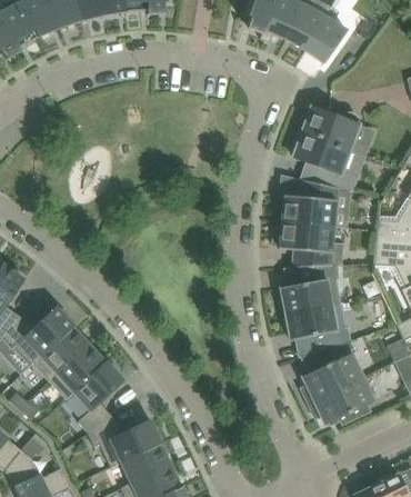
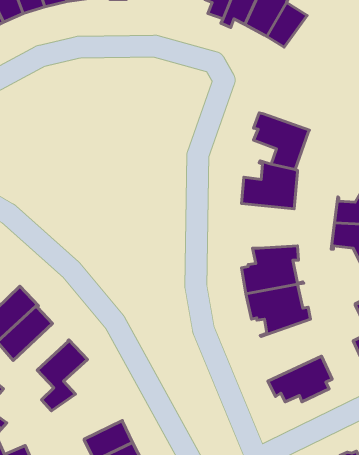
building: [299,107,369,156] -> none
building: [272,221,343,267] -> none
building: [300,339,362,402] -> none
building: [49,344,106,399] -> none
building: [88,416,161,467] -> none

